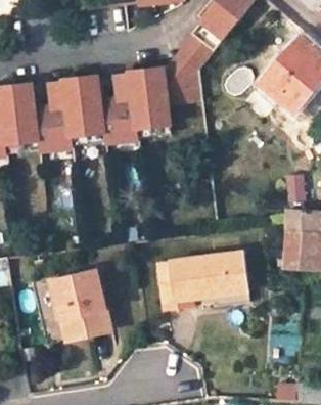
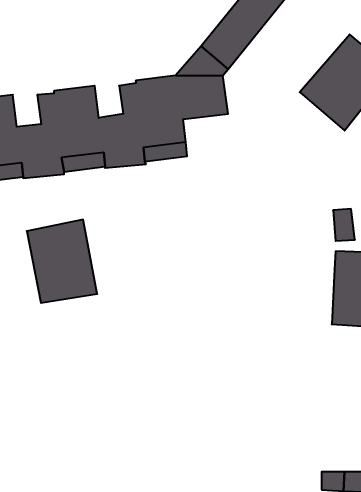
building: [157,253,247,313] -> none
building: [52,271,108,338] -> [27,220,97,303]

